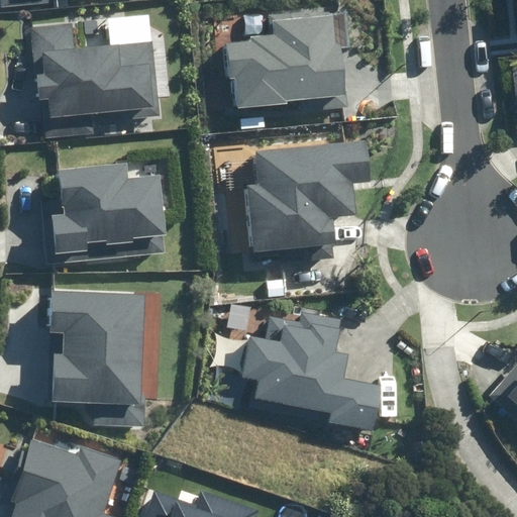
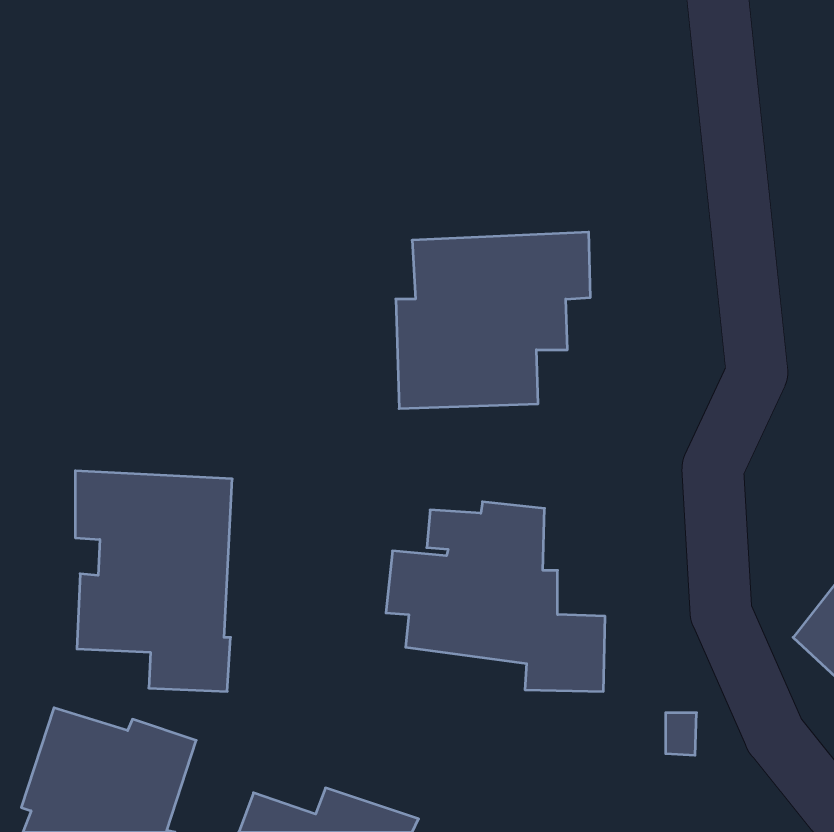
building: [223,14,346,110] -> none
building: [30,24,158,119] -> none
building: [49,166,163,256] -> none

